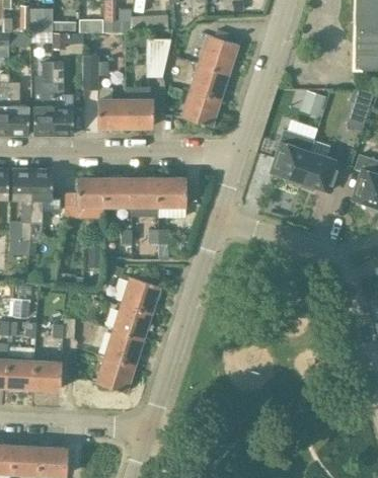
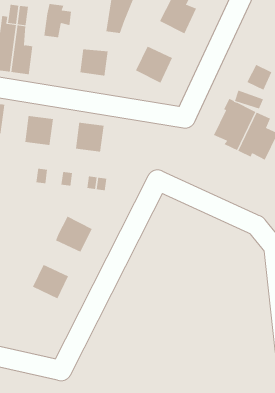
building: [192,61,229,97] -> none
building: [97,90,125,127] -> none
building: [104,177,131,206] -> none
building: [158,177,185,206] -> none
building: [114,304,151,339] -> none
building: [96,355,134,392] -> none

